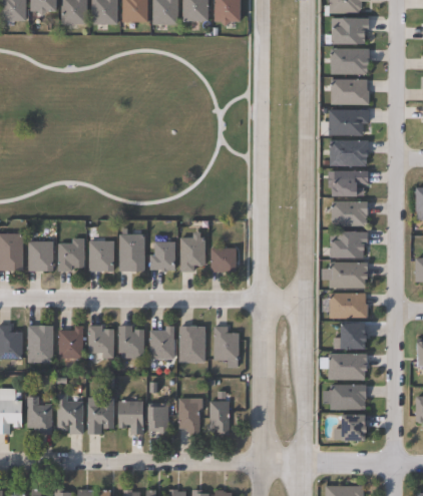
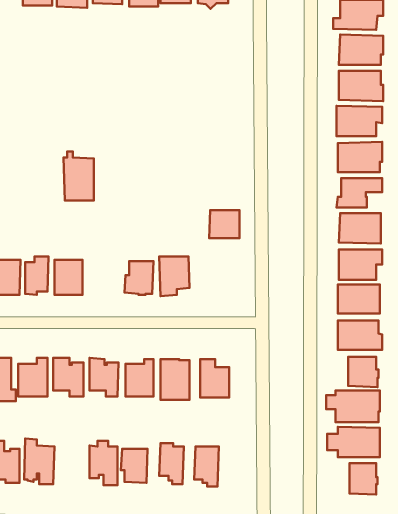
building: [117,229,143,272] -> [64,152,94,201]
building: [208,249,235,273] -> [209,210,239,238]
building: [90,398,113,434] -> none

